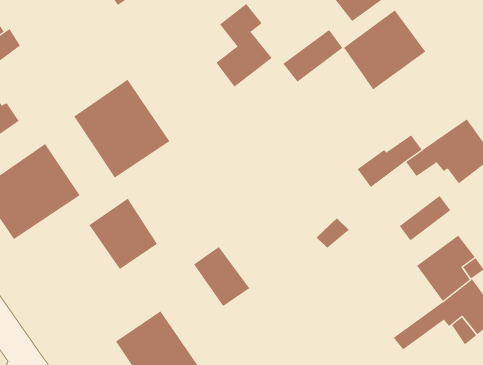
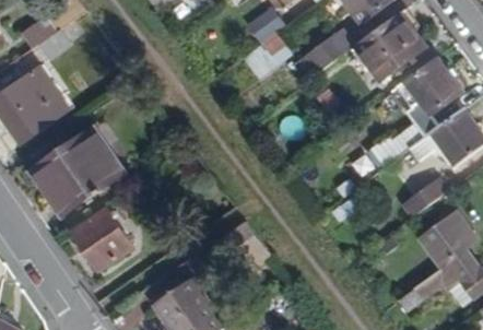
building: none -> [394,55,462,115]
building: [73,79,170,178] -> none
building: [89,198,158,270] -> [71,207,132,270]

